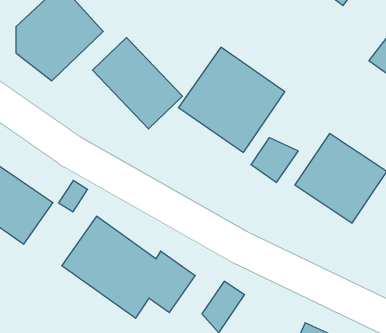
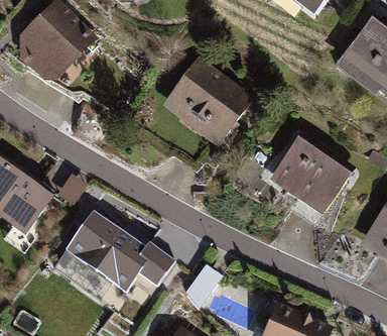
building: [93,38,182,129] -> none
building: [251,138,298,183] -> none

